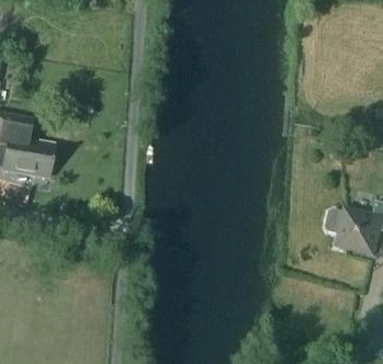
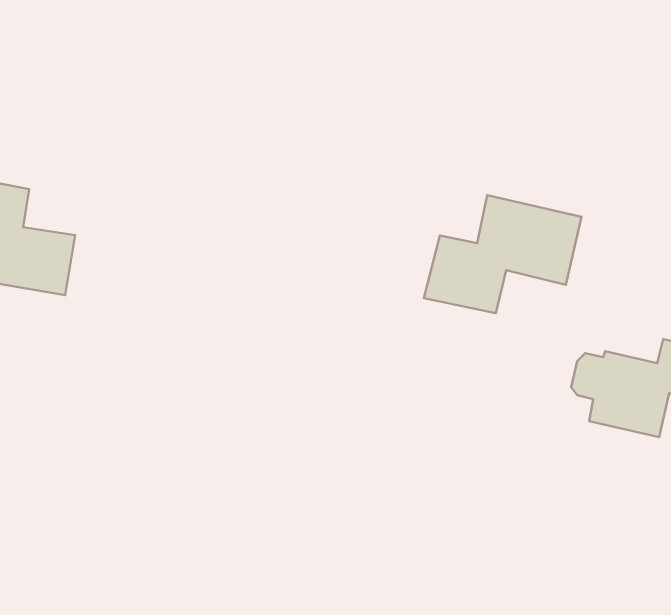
building: none -> [424,195,582,313]

